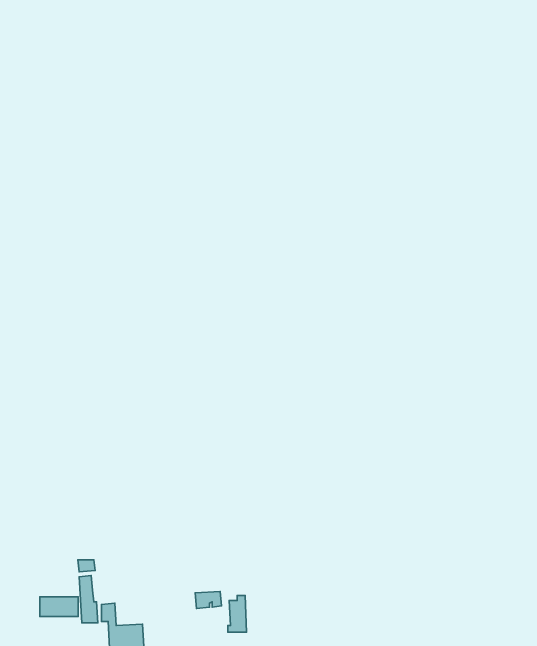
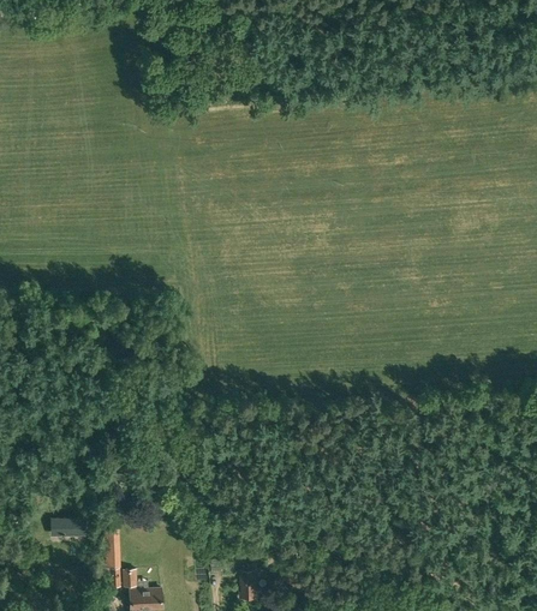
building: [40,597,78,617] -> [49,519,84,537]

